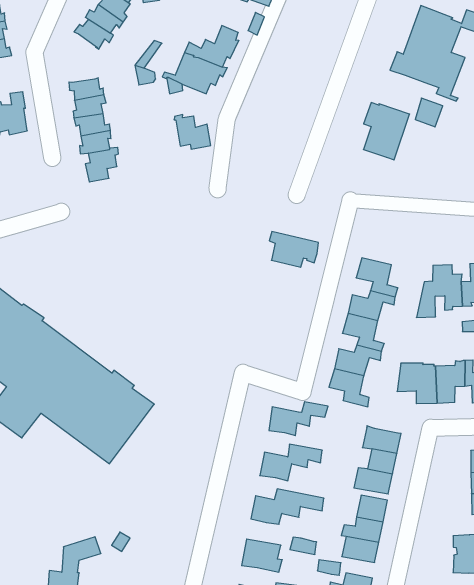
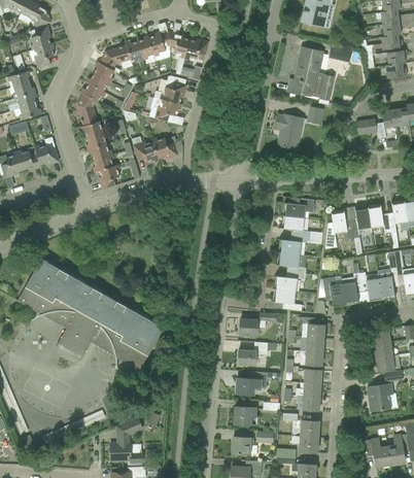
building: none -> [77,94,98,126]
building: none -> [132,136,160,162]
building: [269,232,318,267] -> [282,196,314,216]

